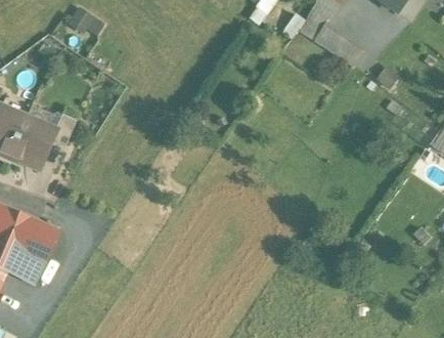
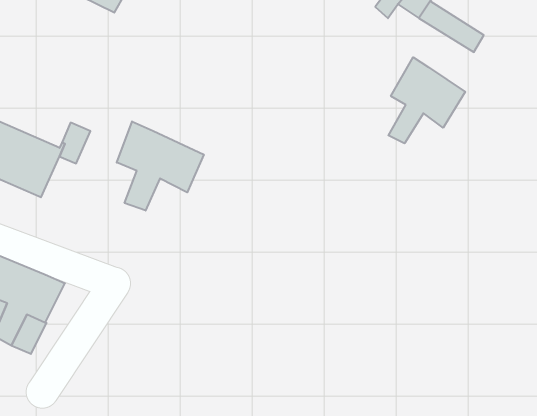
building: none -> [388,57,465,143]
building: none -> [117,121,204,211]

